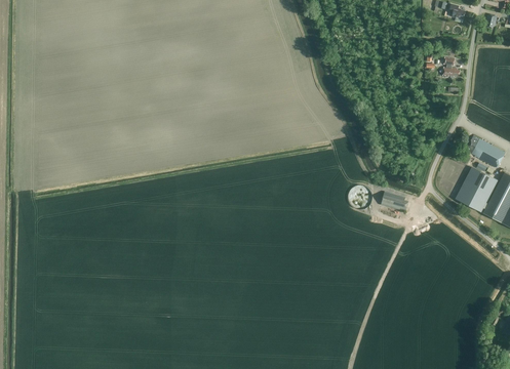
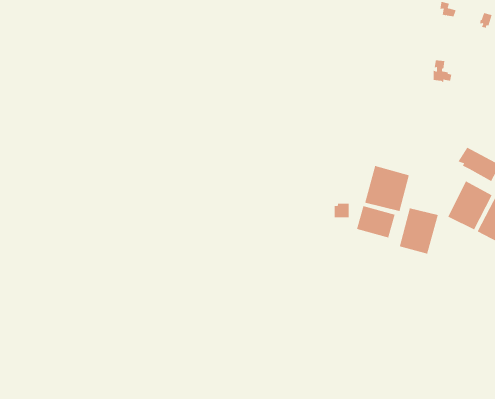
building: none -> [364,165,409,212]
building: none -> [399,208,438,255]

